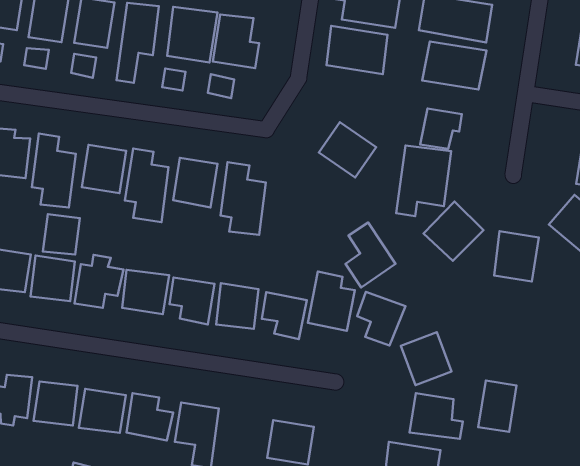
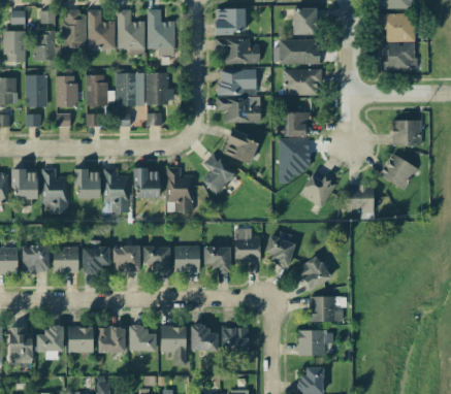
building: none -> [217,97,261,123]
building: [43,214,80,254] -> none
building: [346,223,396,287] -> [203,153,236,195]
building: [478,380,517,432] -> none
building: none -> [191,325,219,351]

